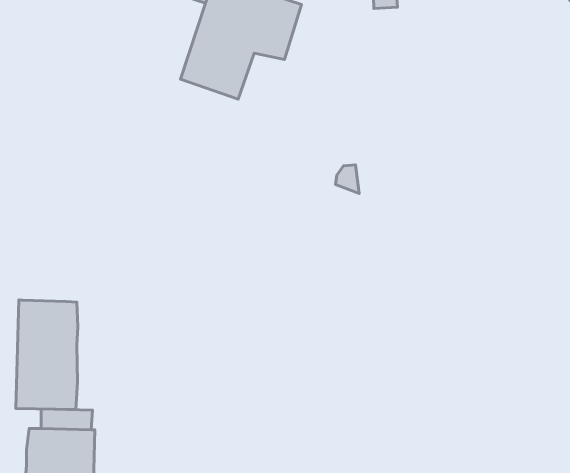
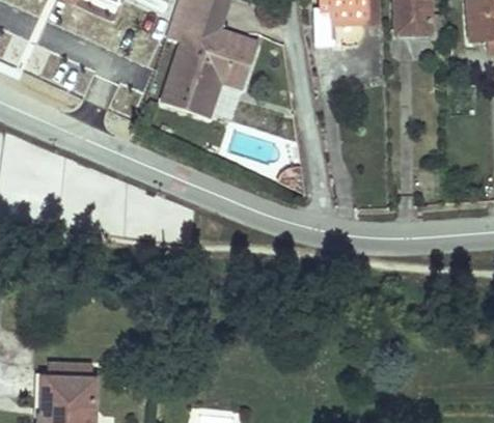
building: [16,300,78,409] -> none

